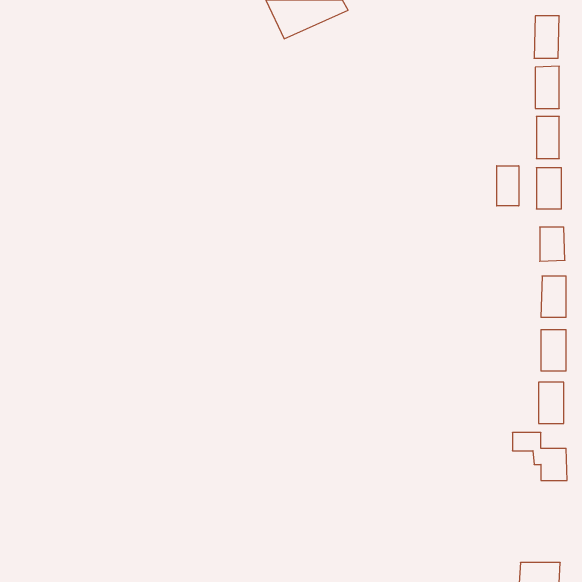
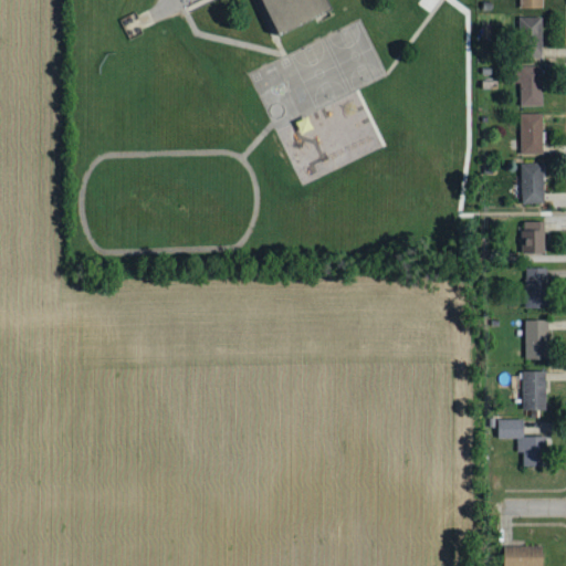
building: [497,166,519,206] -> none

